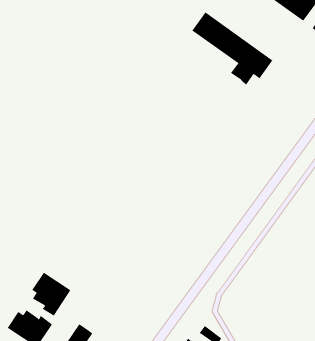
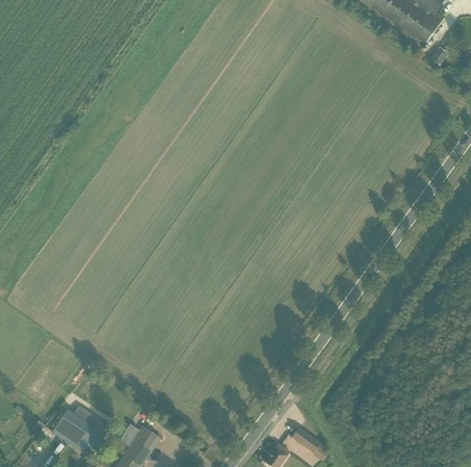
building: [191,12,273,85] -> none
building: [31,272,71,316] -> none

